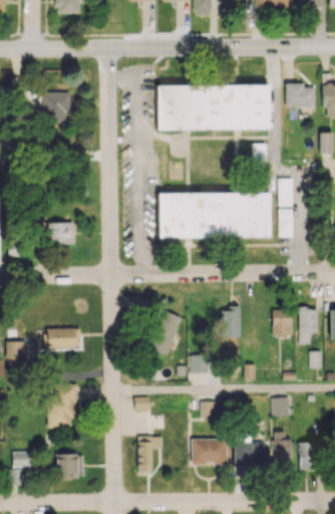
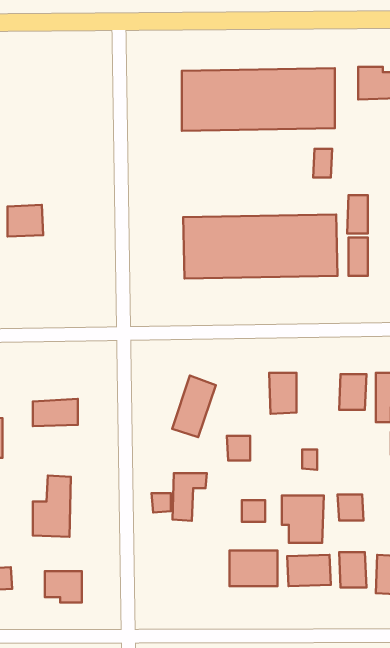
building: [43,92,69,122] -> none
building: [47,222,73,245] -> [8,205,43,236]
building: none -> [282,495,324,543]
building: [137,437,162,472] -> [173,473,207,521]

